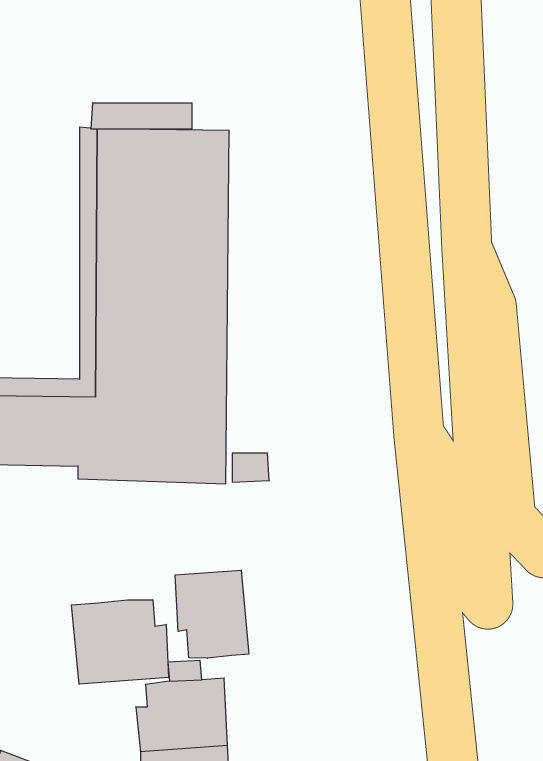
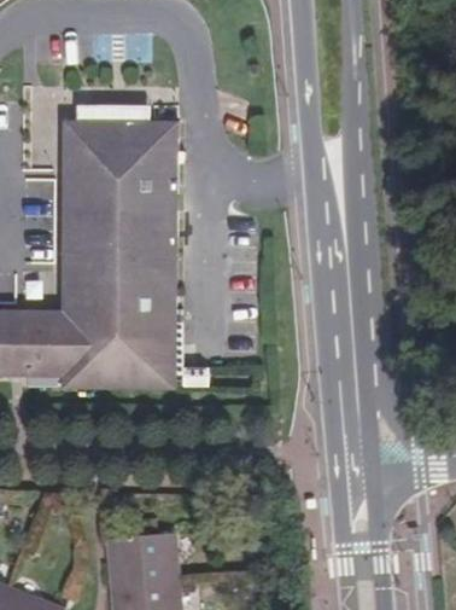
building: [175,570,249,658] -> none
building: [71,600,169,684] -> none

